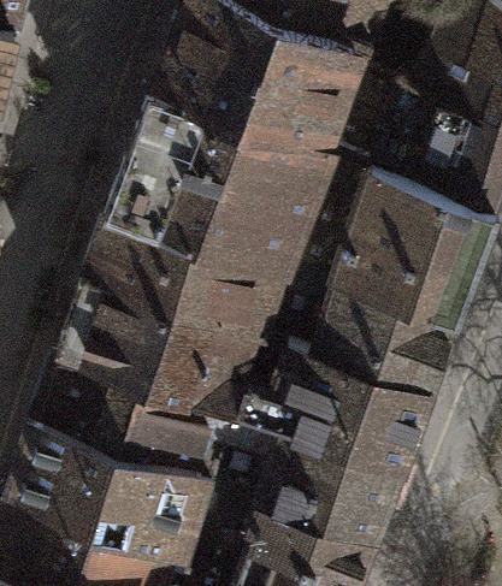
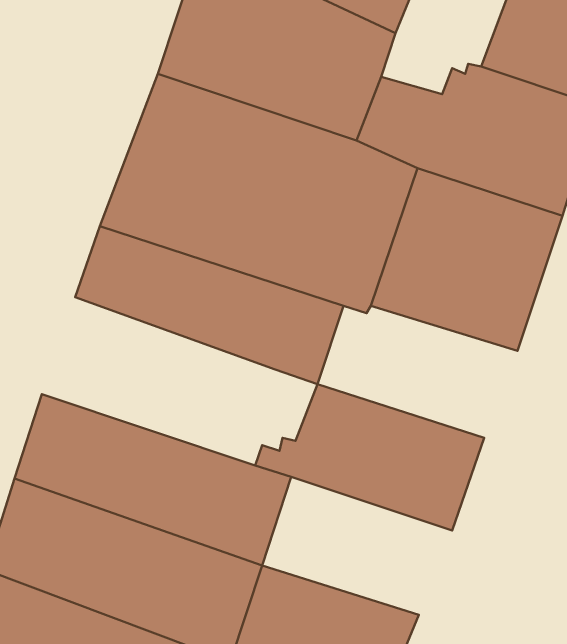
building: [63,273,262,413] -> none
building: [291,280,457,390] -> none
building: [246,422,403,537] -> none

